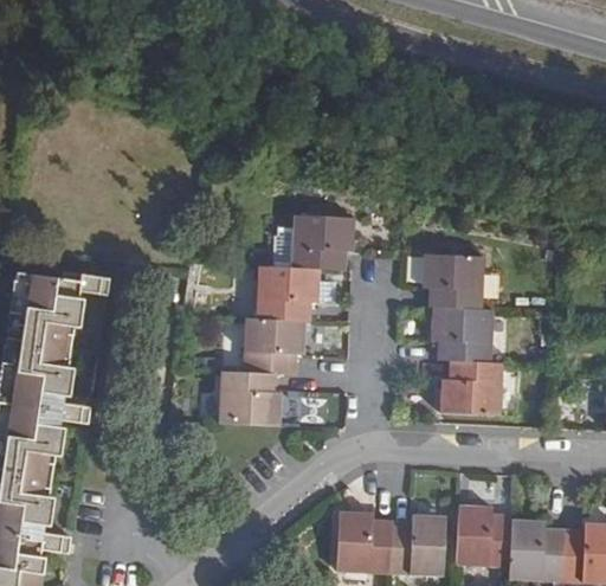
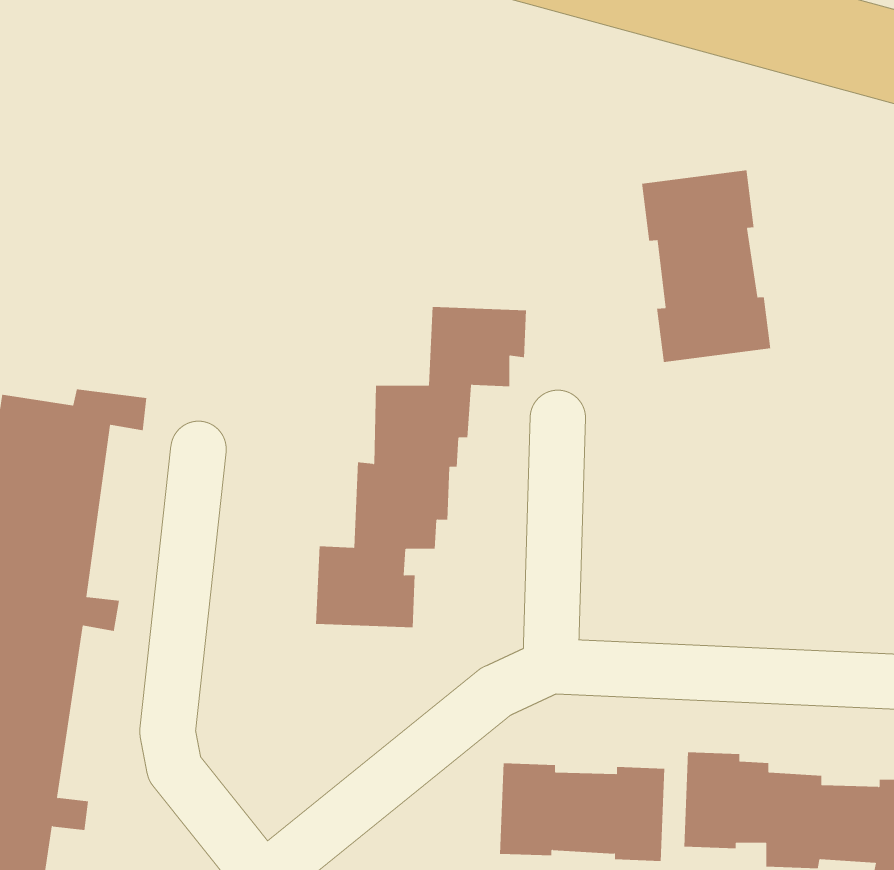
building: none -> [641,169,771,363]
building: [420,256,502,416] -> none

